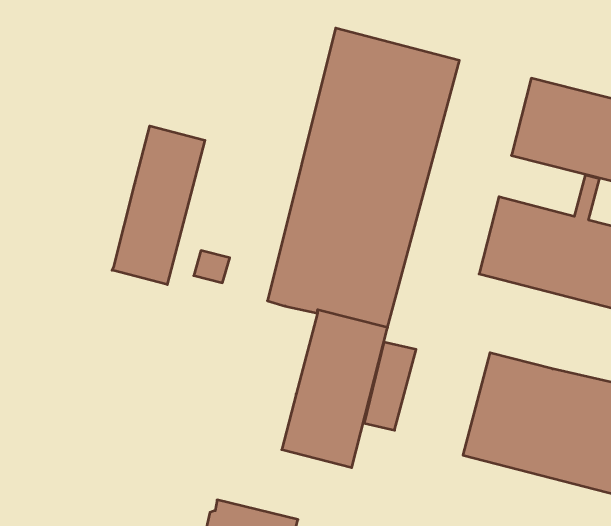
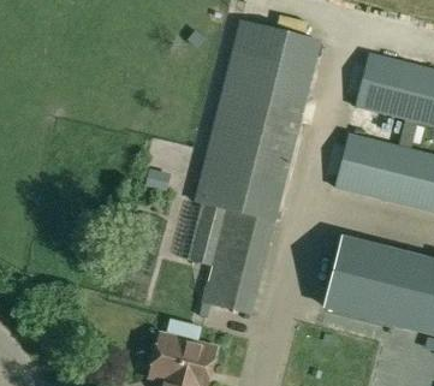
building: [112,126,205,285] -> none
building: [364,342,416,430] -> [192,206,227,265]

